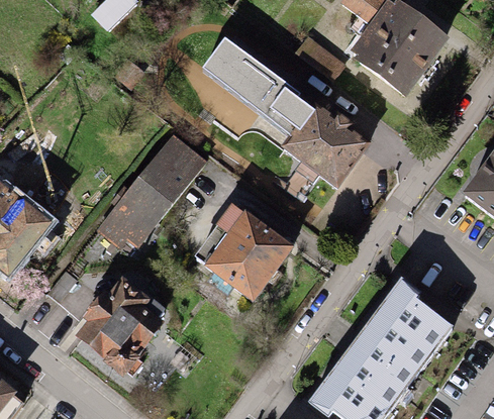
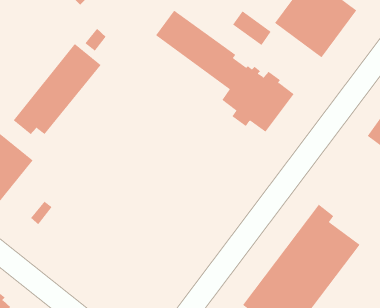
building: [97,134,206,247] -> [13,43,102,135]
building: [194,203,294,301] -> none
building: [76,276,164,378] -> none

